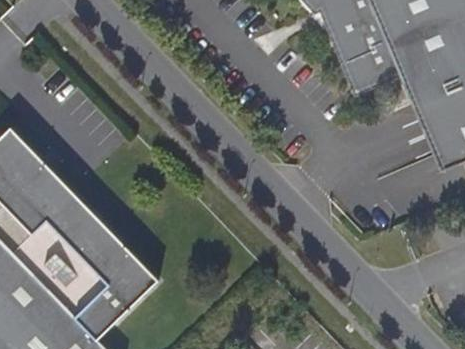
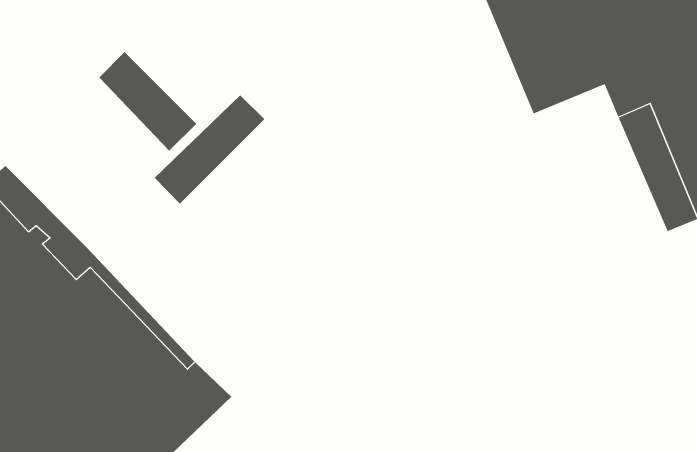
building: none -> [99,51,197,151]
building: none -> [154,94,265,204]

